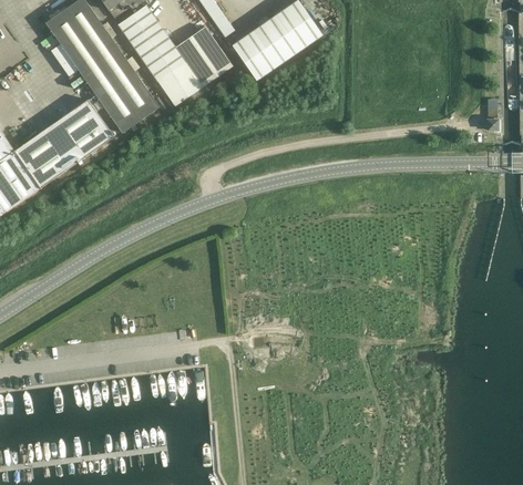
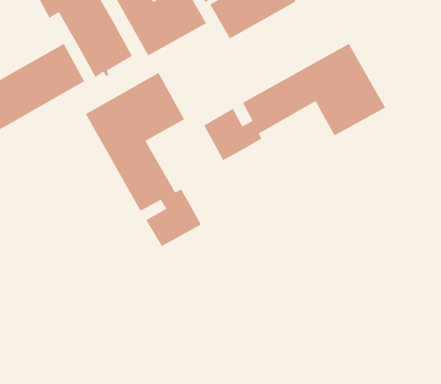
building: none -> [203,43,386,161]
building: none -> [85,72,202,247]

